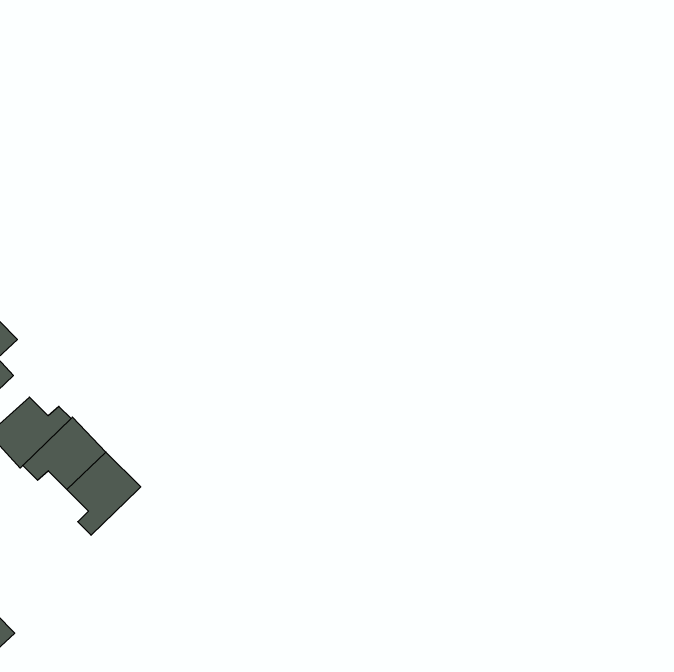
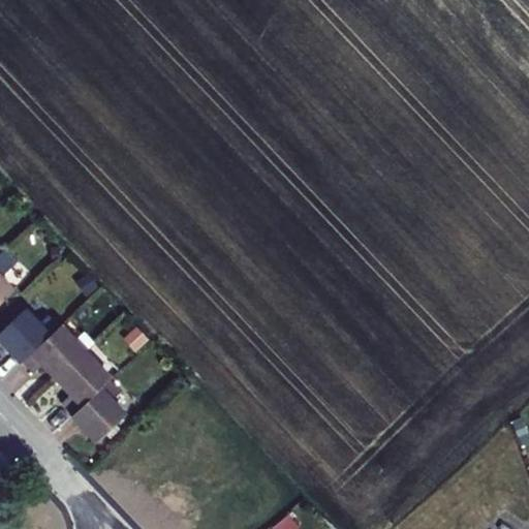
building: none -> [68,377,124,441]

